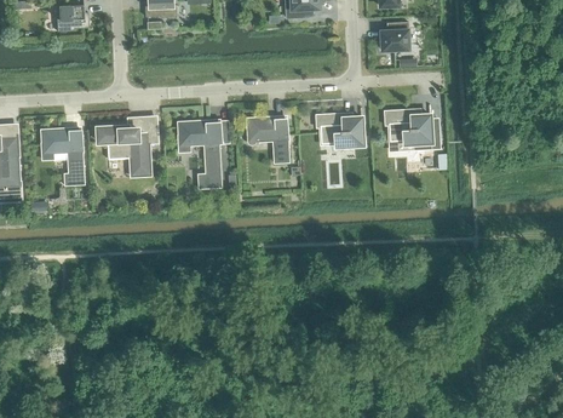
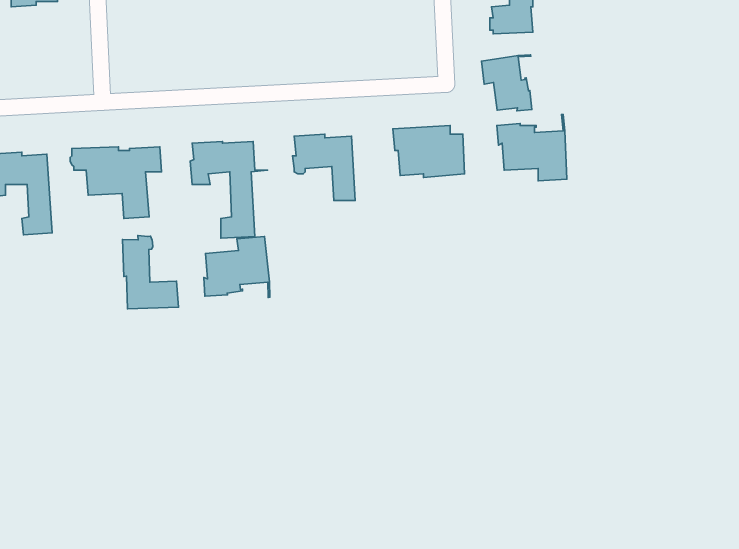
building: none -> [481,55,532,111]
building: none -> [122,236,179,309]
building: none -> [204,237,270,297]

